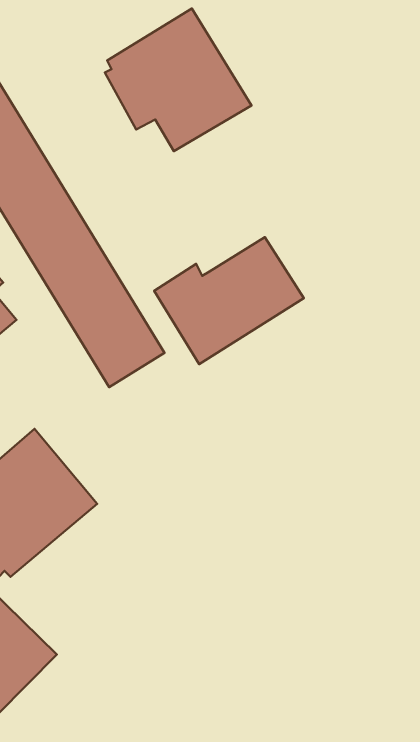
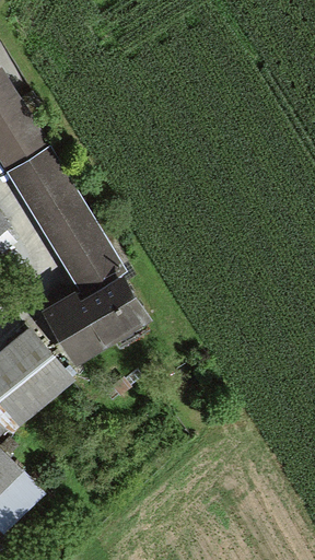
building: [105,9,251,151] -> none
building: [154,237,304,364] -> [42,269,151,362]

